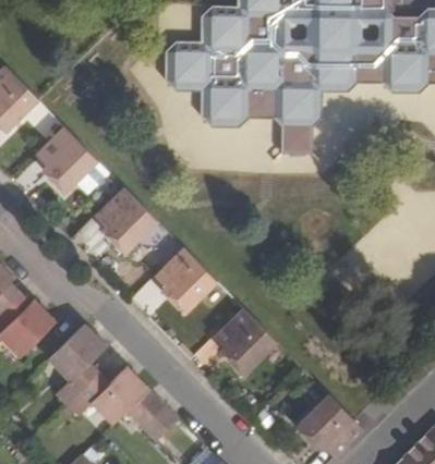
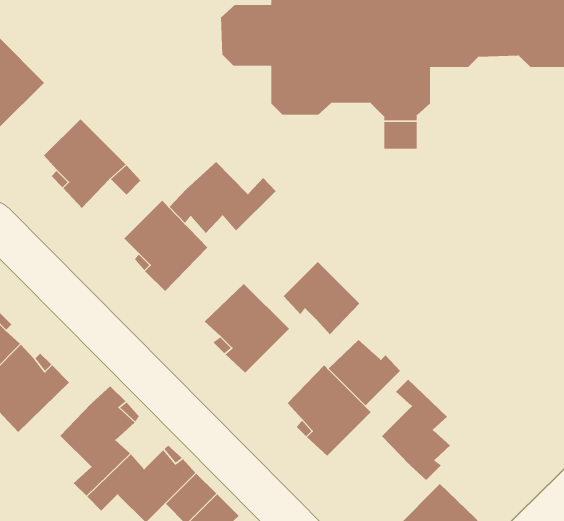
building: none -> [169,161,276,234]
building: none -> [283,261,360,335]
building: none -> [328,339,401,406]
building: none -> [381,379,451,481]

